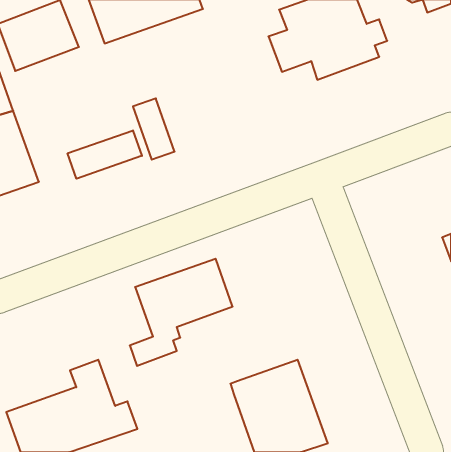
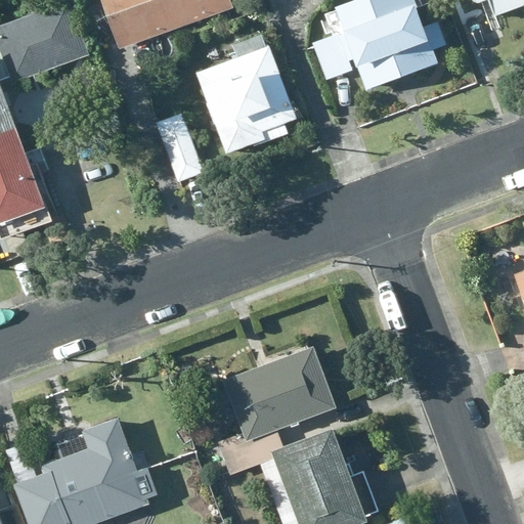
building: none -> [193,46,297,159]
building: [68,130,142,179] -> none
building: [130,259,233,366] -> [216,349,335,473]

